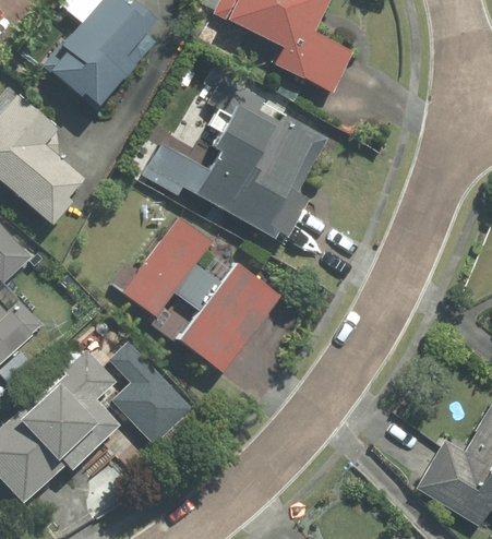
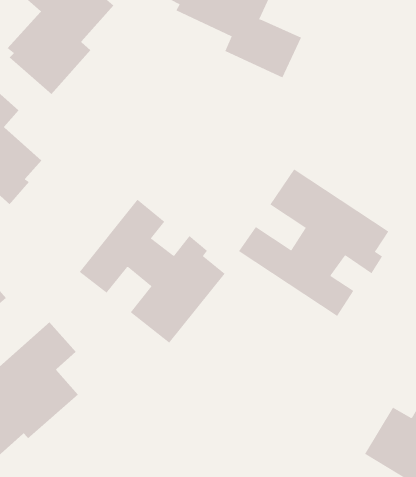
building: [135,73,320,244] -> none
building: none -> [238,169,389,317]
building: [116,340,193,435] -> none

